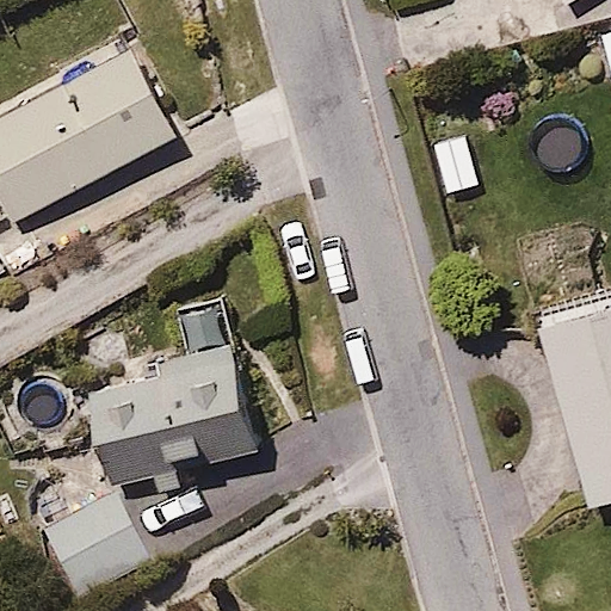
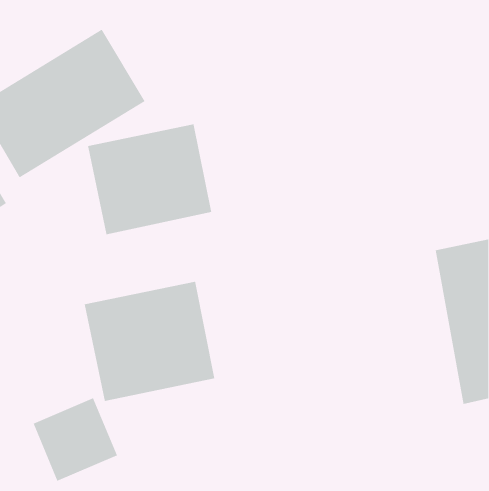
building: none -> [88,124,212,235]

